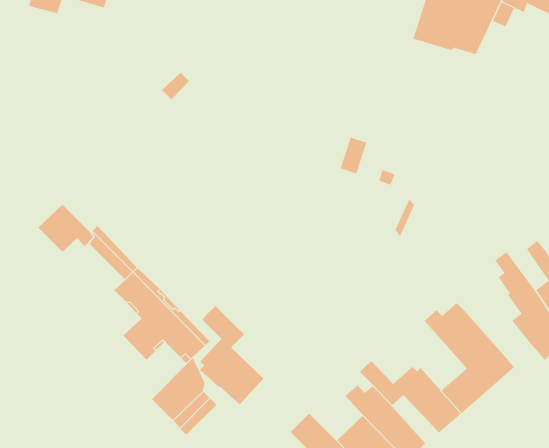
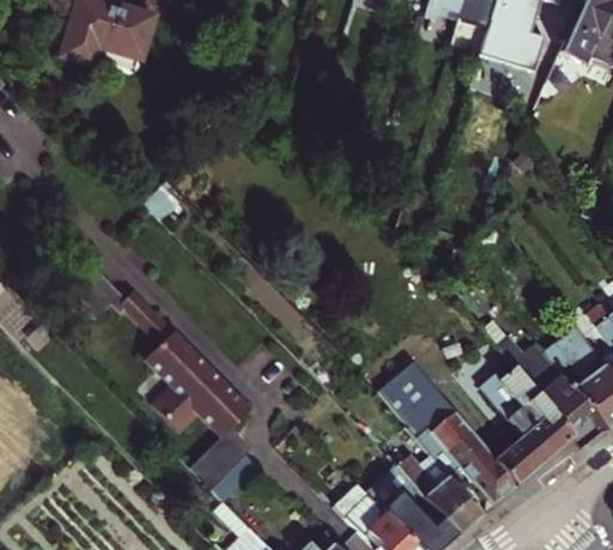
building: none -> [521,342,588,428]
building: none -> [374,365,475,452]
building: [199,305,264,405] -> none

